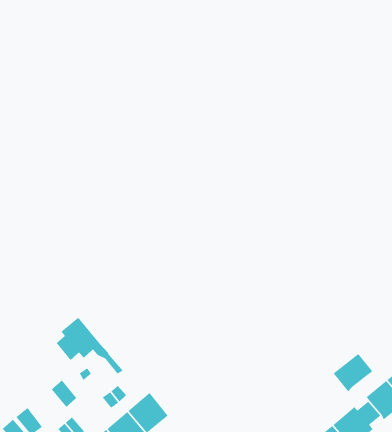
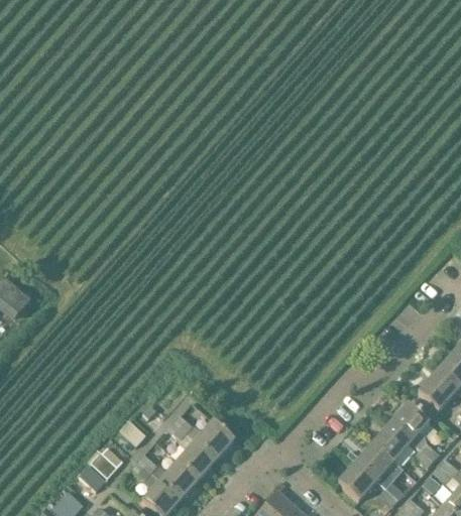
building: [56,317,124,374] -> none
building: [333,353,373,392] -> none

